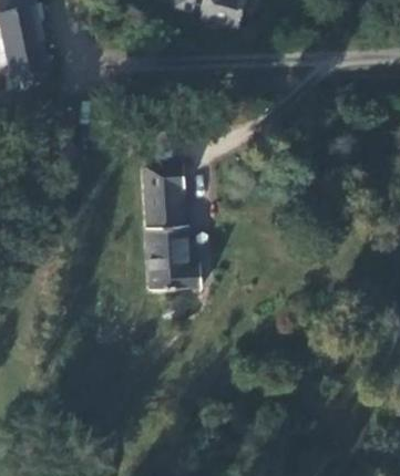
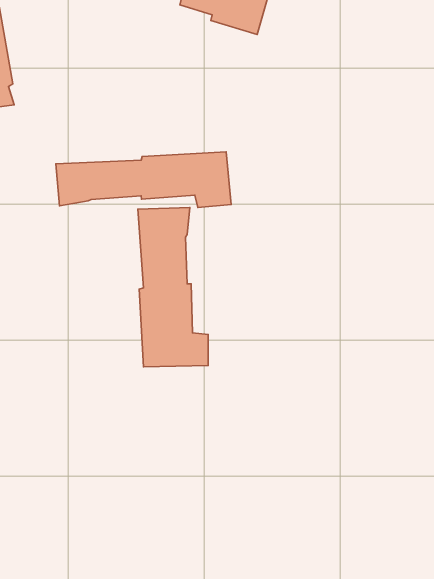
building: none -> [56,152,231,208]

